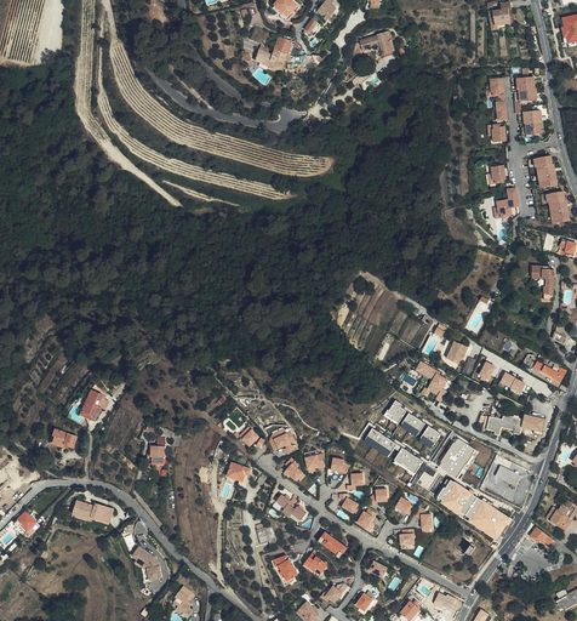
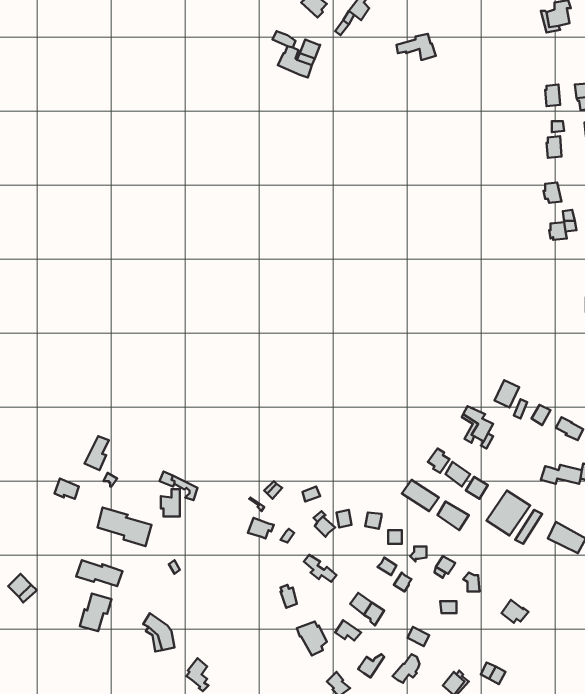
building: none -> [97,508,151,546]
building: [438,478,512,540] -> none
building: none -> [80,593,112,631]

